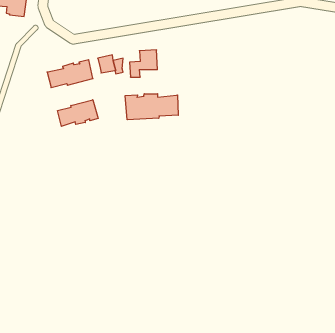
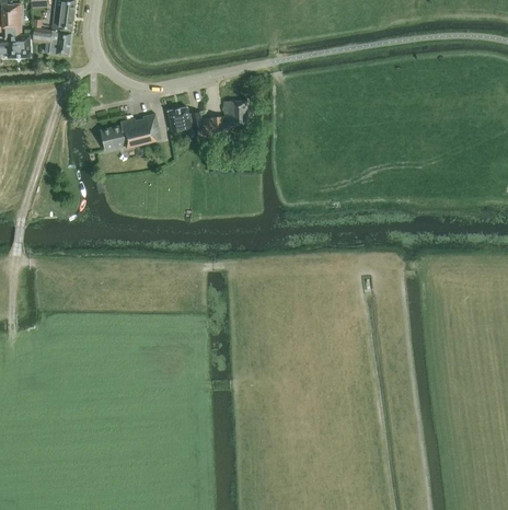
building: [125,94,178,120] -> none
building: [58,100,98,126] -> none

